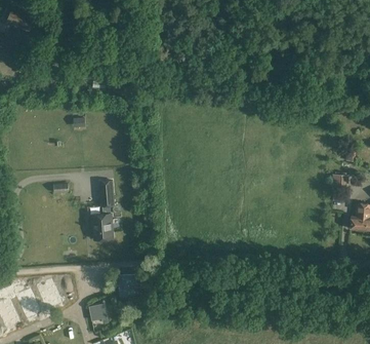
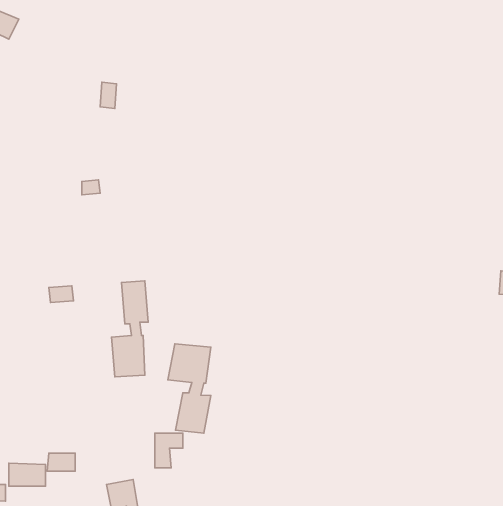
building: none -> [168,344,211,433]

